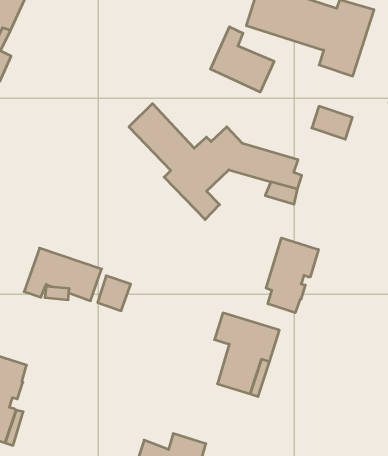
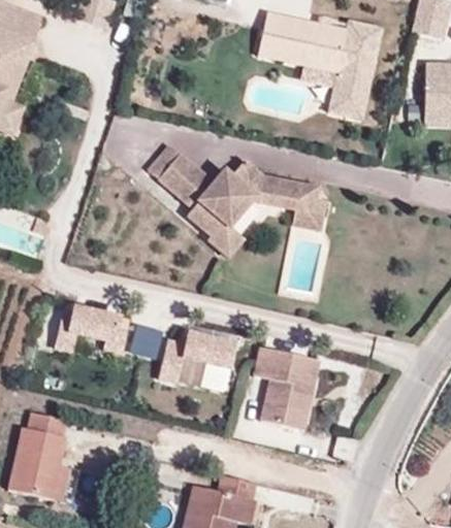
building: [210,27,274,92] -> none
building: [312,106,352,139] -> [329,89,369,120]
building: [266,238,318,313] -> none
building: none -> [161,329,235,390]

